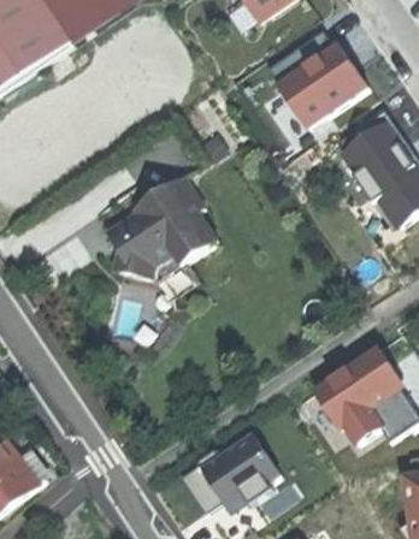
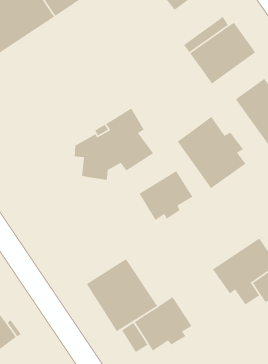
building: none -> [177,116,246,189]
building: none -> [138,170,193,221]
building: none -> [86,258,158,332]

